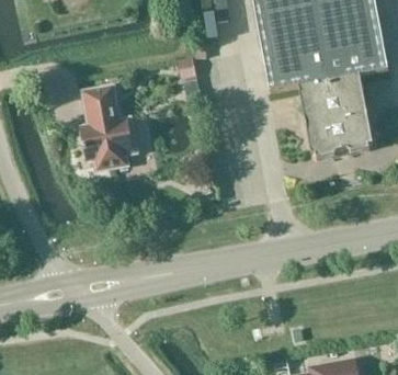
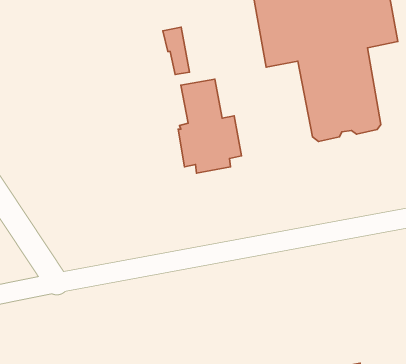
building: [81,83,138,168] -> [178,79,242,173]

